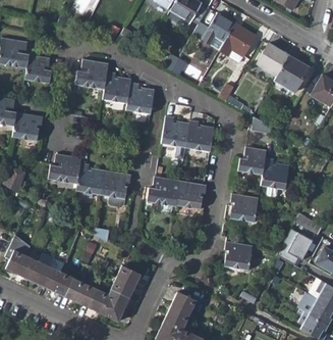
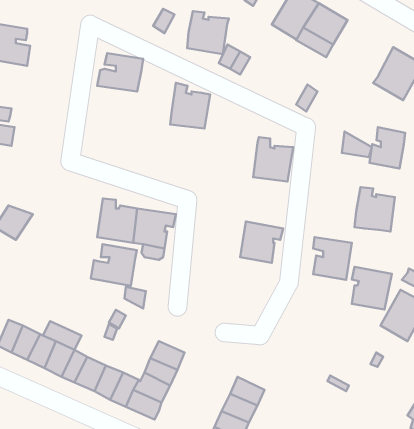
building: [256,43,288,77] -> none
building: [25,54,52,84] -> none
building: [105,71,134,102] -> [187,11,229,54]
building: [14,112,44,142] -> none
building: [164,116,191,159] -> none
building: [240,143,266,173] -> [369,127,405,169]
building: [50,153,82,183] -> [91,244,137,286]
building: [150,177,183,206] -> none
building: [225,240,254,271] -> [352,267,392,310]

